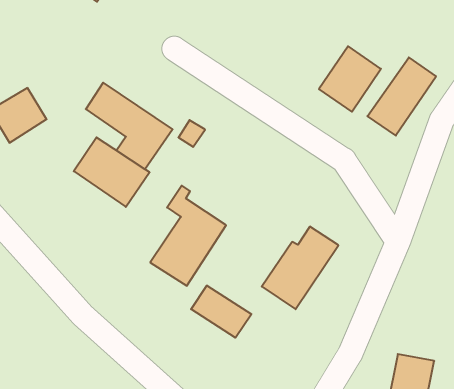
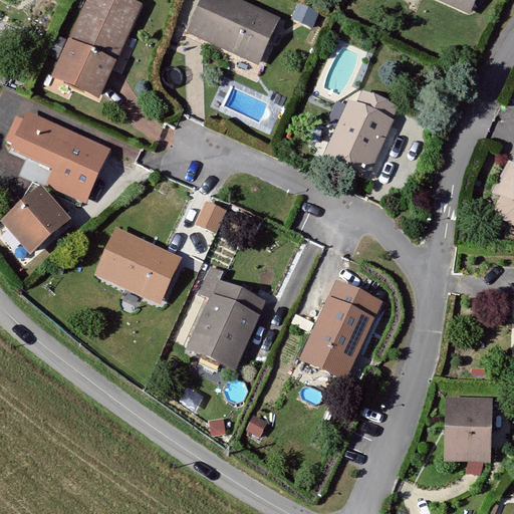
building: [367,57,436,136] -> none
building: [86,83,173,169] -> [16,117,105,197]
building: [191,285,251,338] -> none

